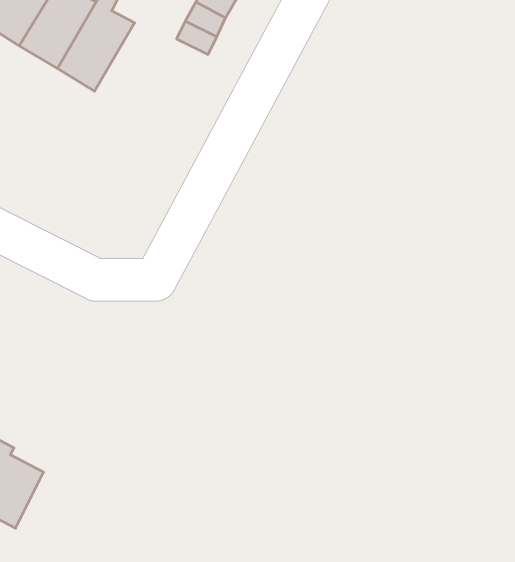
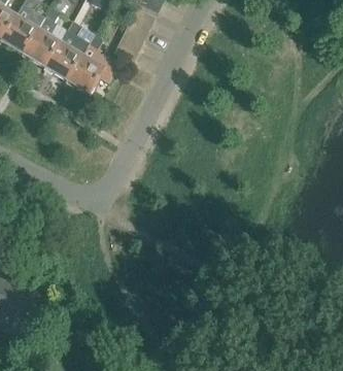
building: none -> [66,30,118,93]

